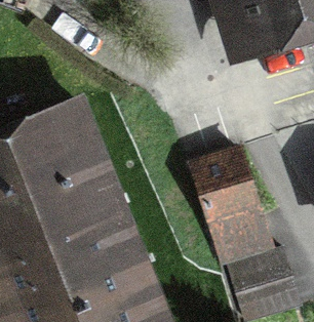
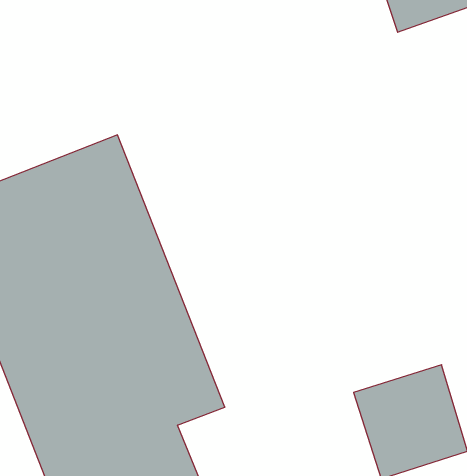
building: [193,154,268,260] -> none

